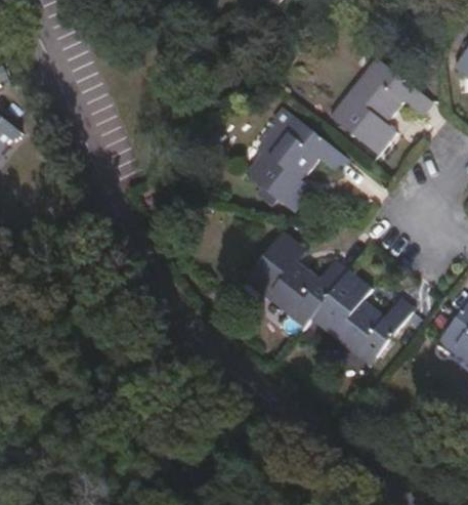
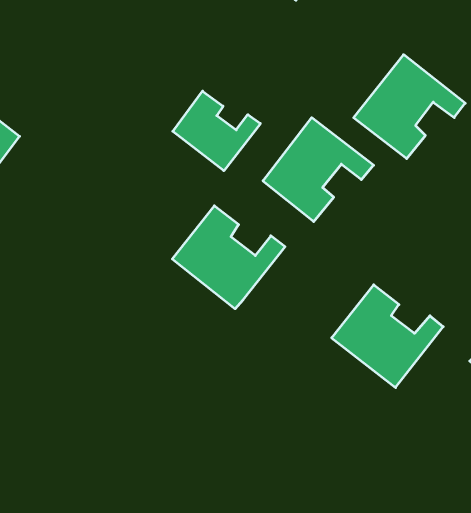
building: none -> [173,91,260,171]
building: [244,232,348,327] -> [172,206,285,309]

